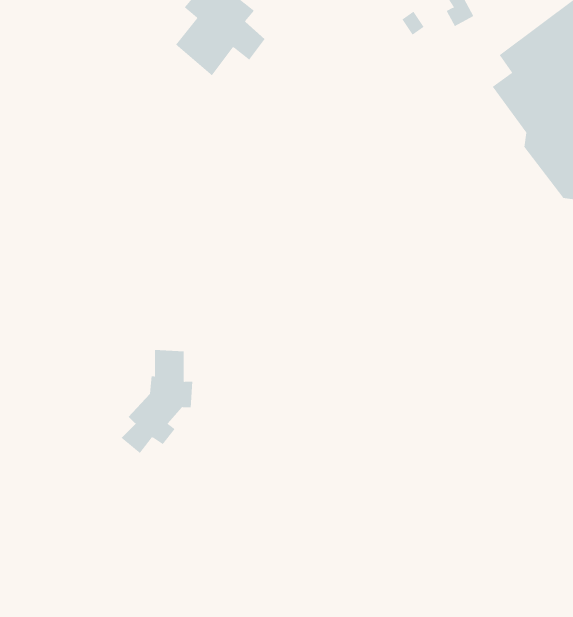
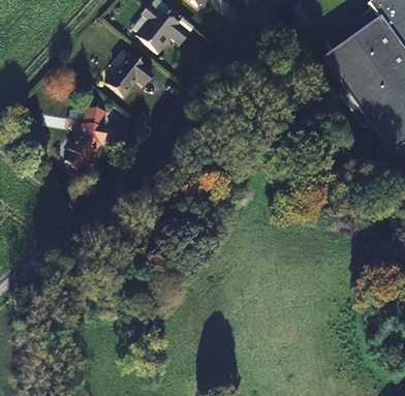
building: none -> [104,49,153,95]
building: [121,349,193,454] -> [67,105,110,166]

